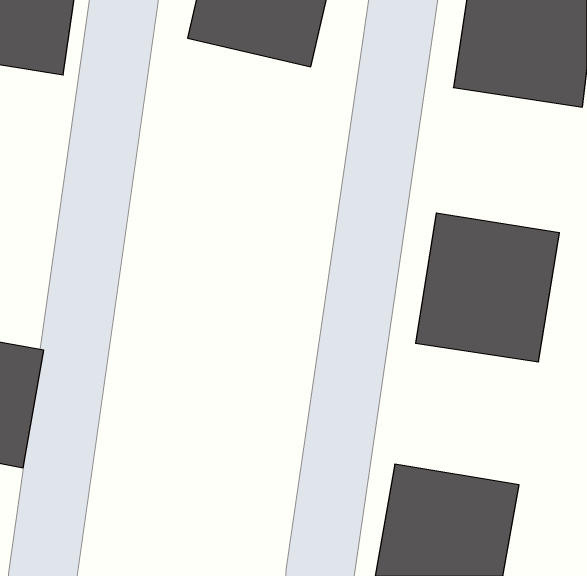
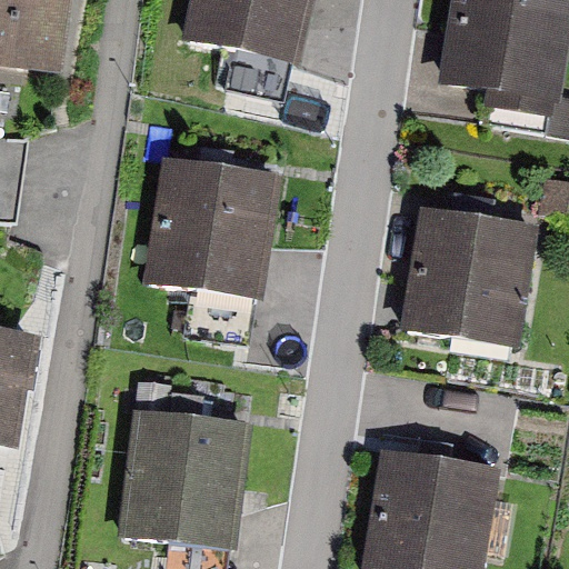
building: none -> [136,159,268,296]
building: none -> [118,408,253,550]

